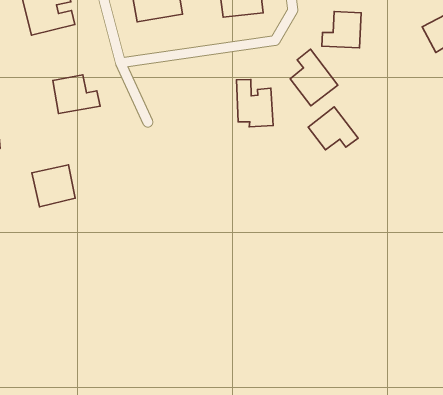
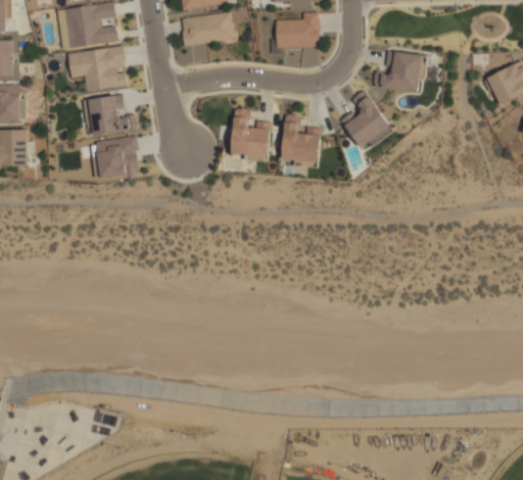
building: none -> [68,45,126,91]
building: none -> [232,108,270,161]
building: [308,107,358,150] -> none
building: [32,165,75,207] -> [95,136,139,178]

